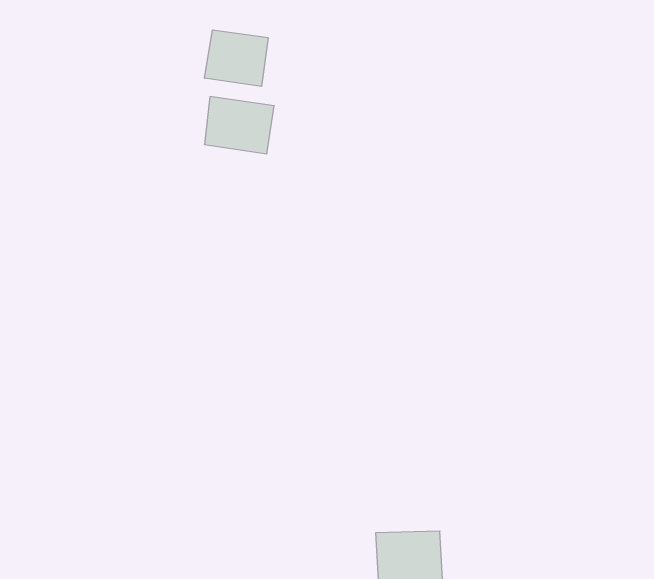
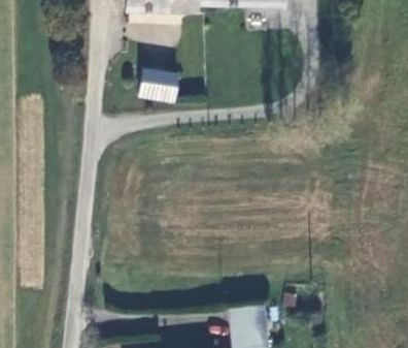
building: [205,30,268,86] -> none

